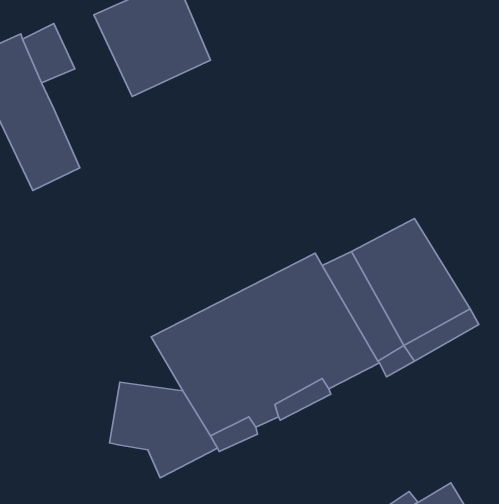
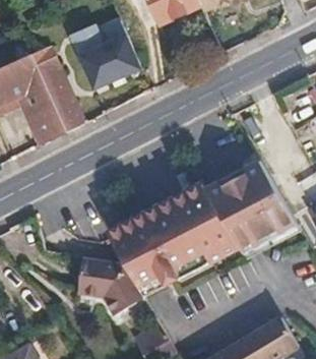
building: none -> [43,73,84,131]

